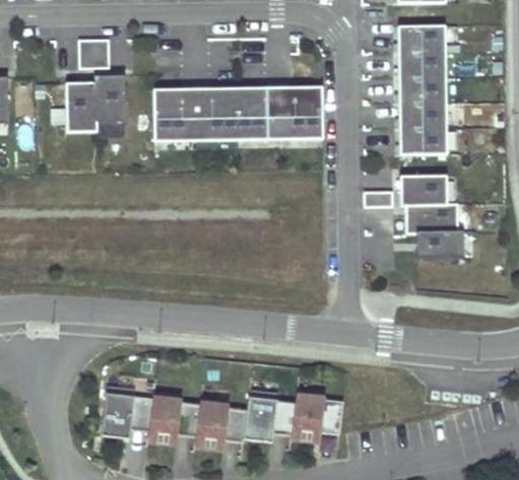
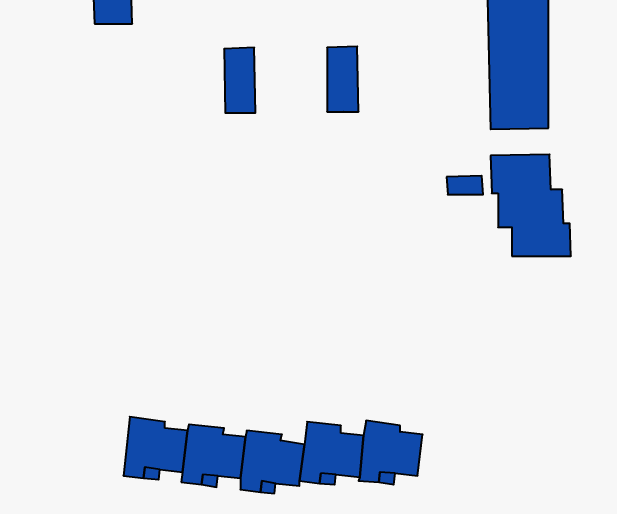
building: [67,76,125,132] -> none
building: [293,87,324,140] -> none
building: [209,88,268,141] -> none
building: [154,89,186,142] -> none

